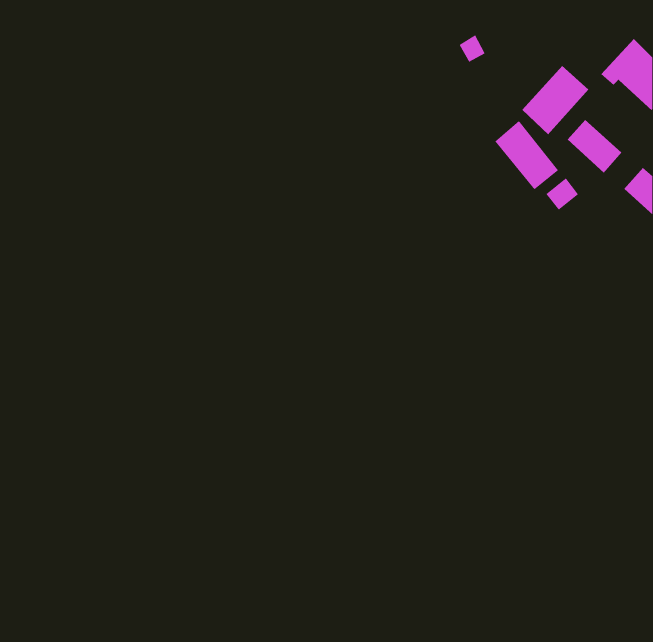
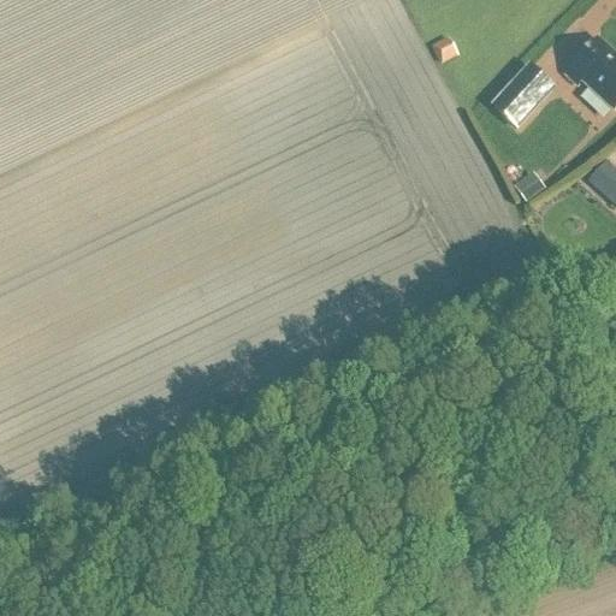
building: [567,119,622,174] -> none
building: [494,120,559,190] -> none

